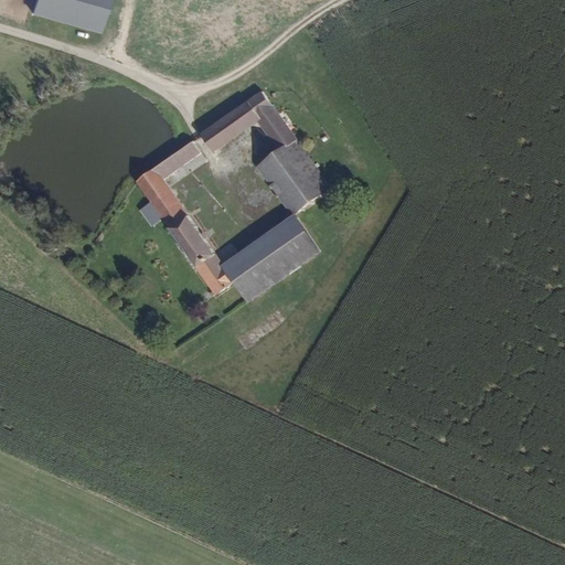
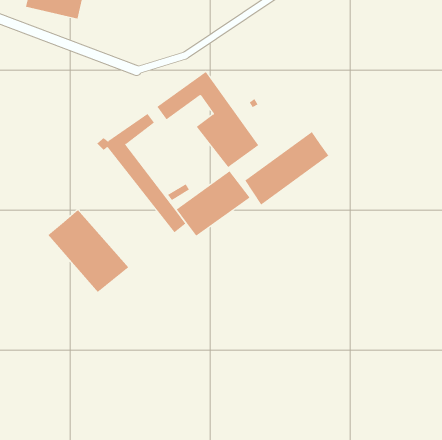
building: none -> [244,131,329,206]
building: none -> [48,209,129,293]

